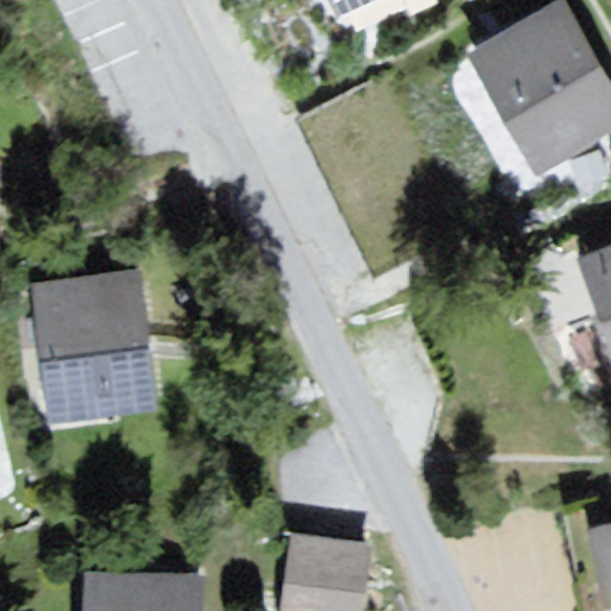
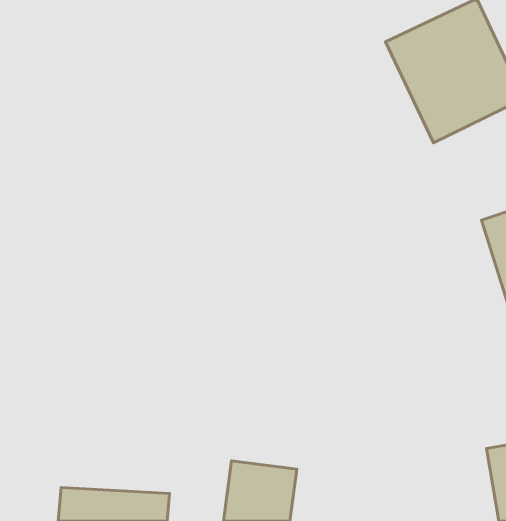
building: [29,277,155,421] -> none

